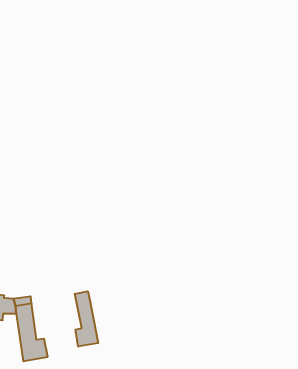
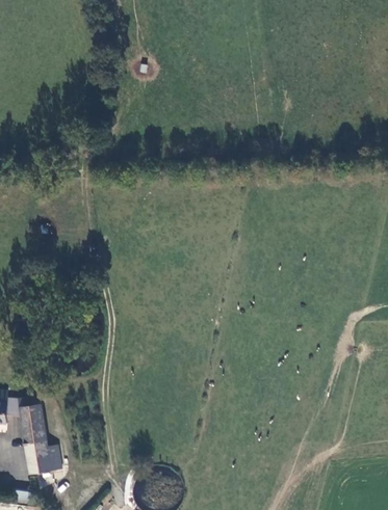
building: [75,291,98,347] -> none

